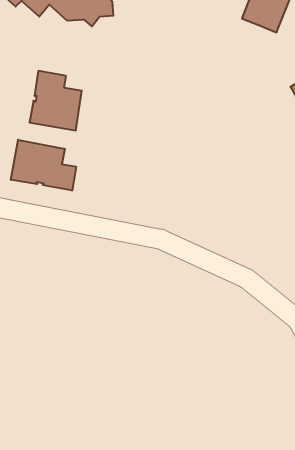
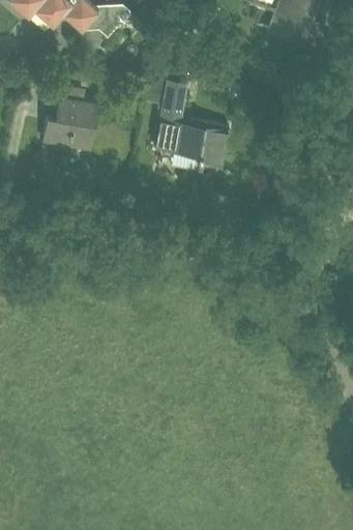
building: none -> [154,79,229,167]
building: [11,140,76,191] -> none

